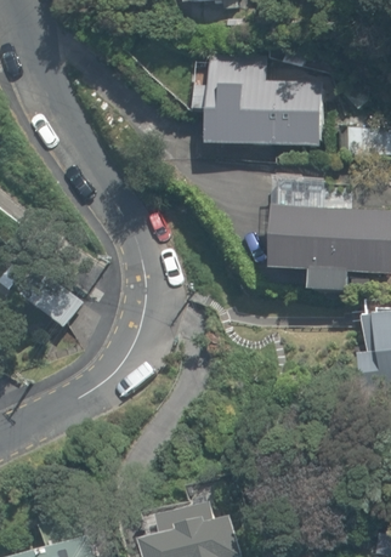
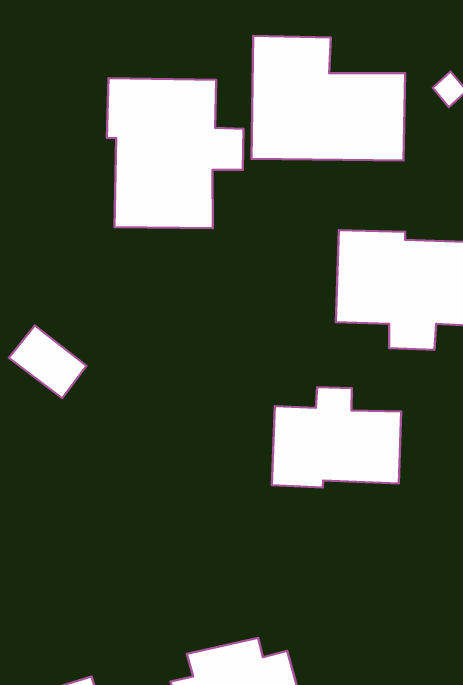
building: none -> [107,78,243,228]
building: none -> [272,387,401,487]

